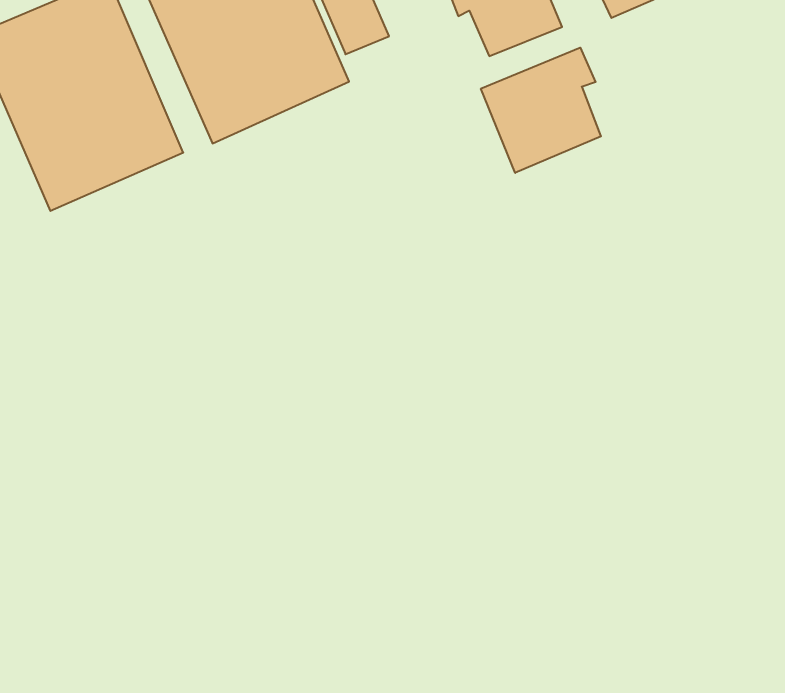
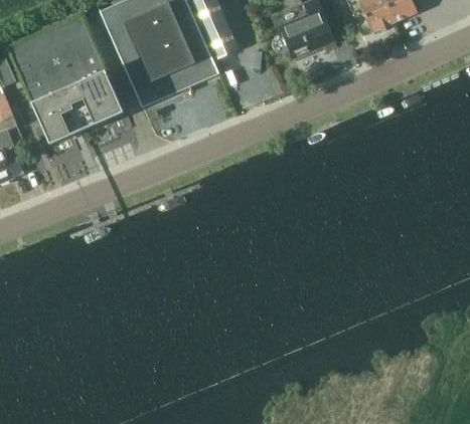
building: [481,48,601,173] -> none

